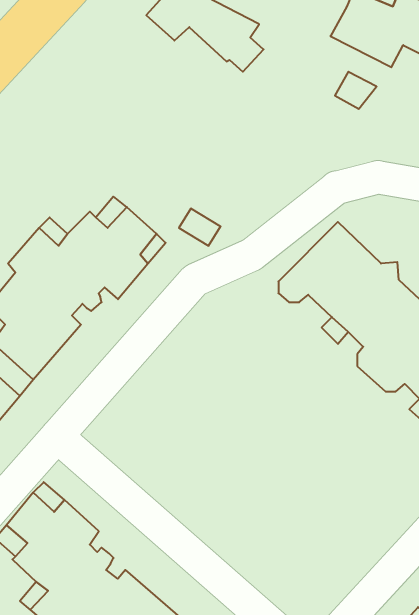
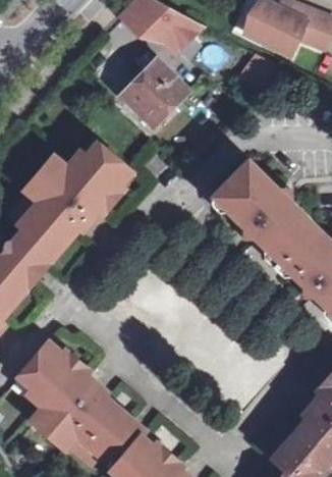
building: none -> [118,60,185,125]

